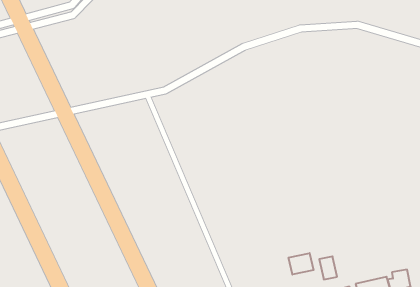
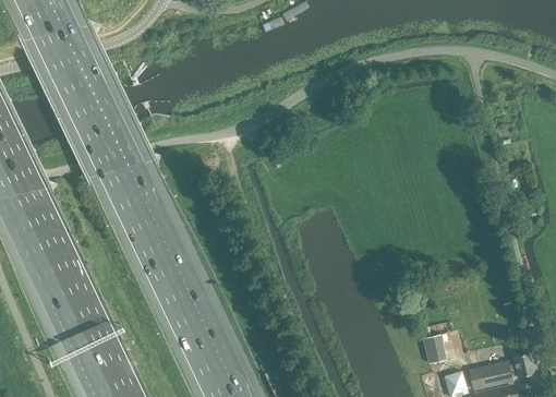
building: [289,253,314,275] -> none

